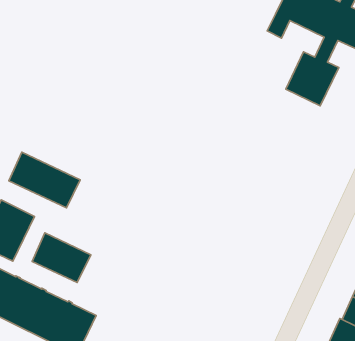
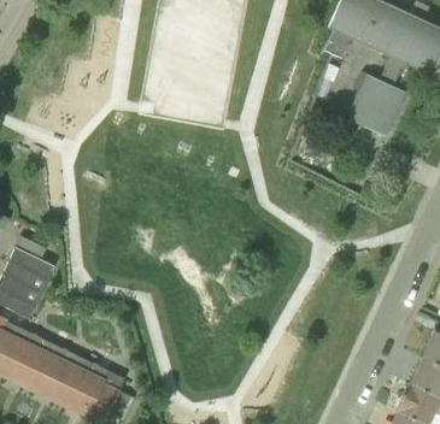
building: [9,152,80,208] -> none
building: [32,233,91,283] -> none

